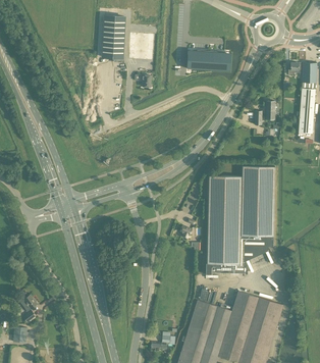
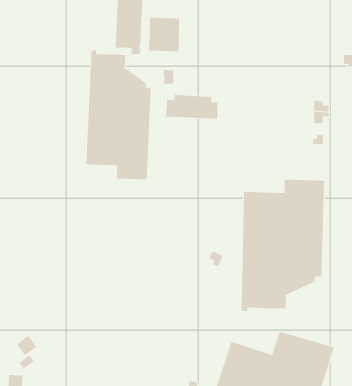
building: [186,49,230,69] -> [165,94,218,119]
building: none -> [86,50,151,180]

